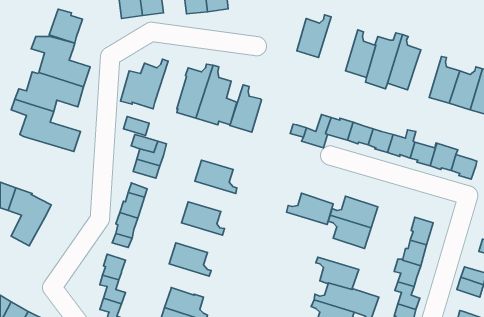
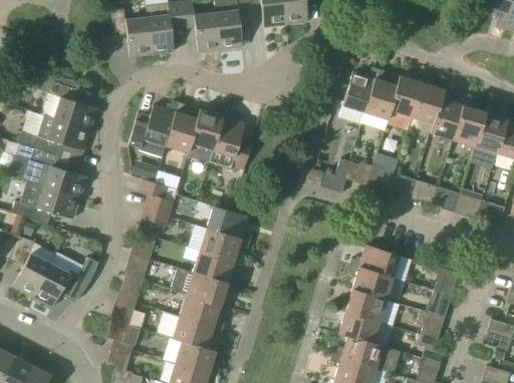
building: [49,9,83,43] -> none
building: [297,15,331,58] -> [343,67,379,112]
building: none -> [432,94,468,140]
building: [230,85,261,132] -> [166,102,199,152]
building: none -> [13,181,80,224]
building: none -> [201,229,251,261]
building: [286,193,333,225] -> [337,289,387,322]
building: none -> [33,257,99,307]
building: none -> [172,268,237,304]
building: none -> [158,311,223,349]

